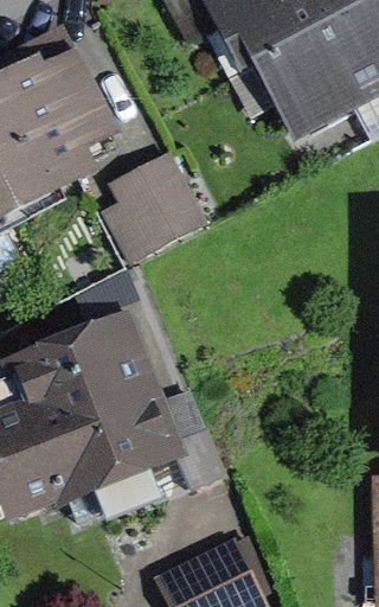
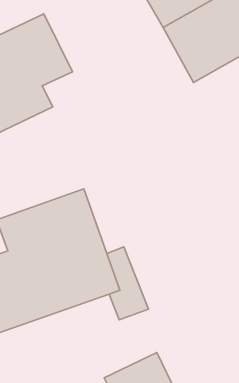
building: [94,156,204,262] -> none

